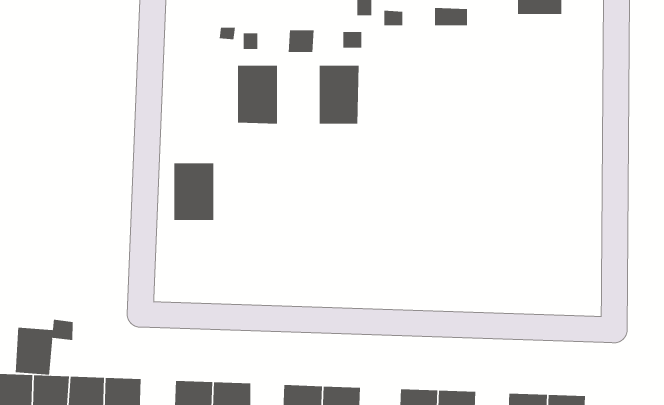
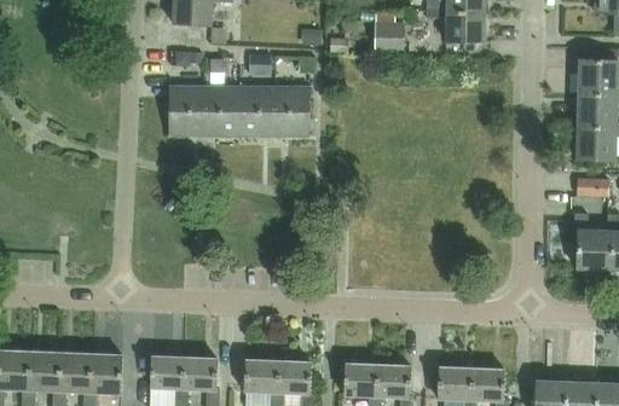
building: none -> [241,86,276,137]
building: [173,163,214,221] -> [170,86,206,135]
building: [15,319,73,375] -> none

